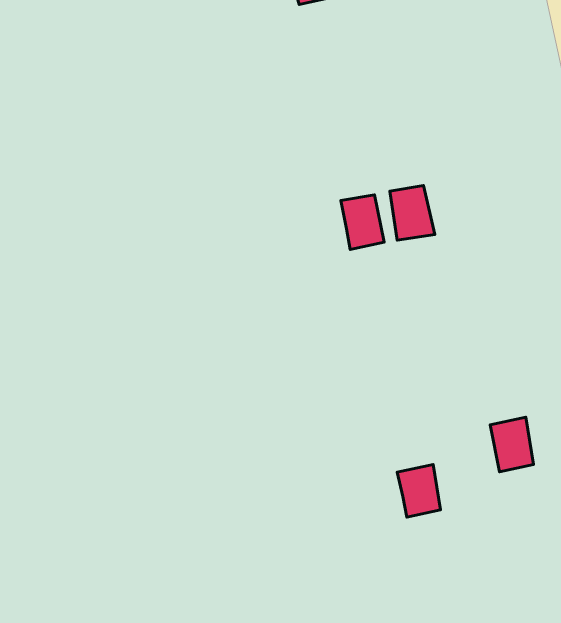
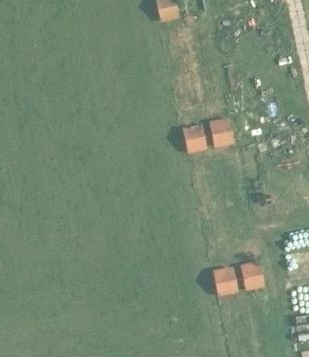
building: [490,417,533,472] -> [240,263,263,292]

